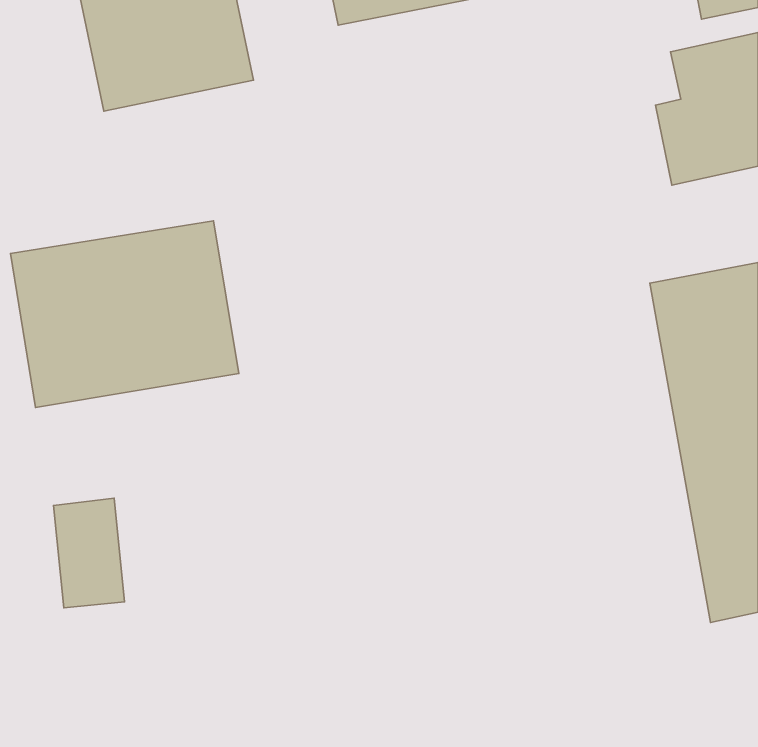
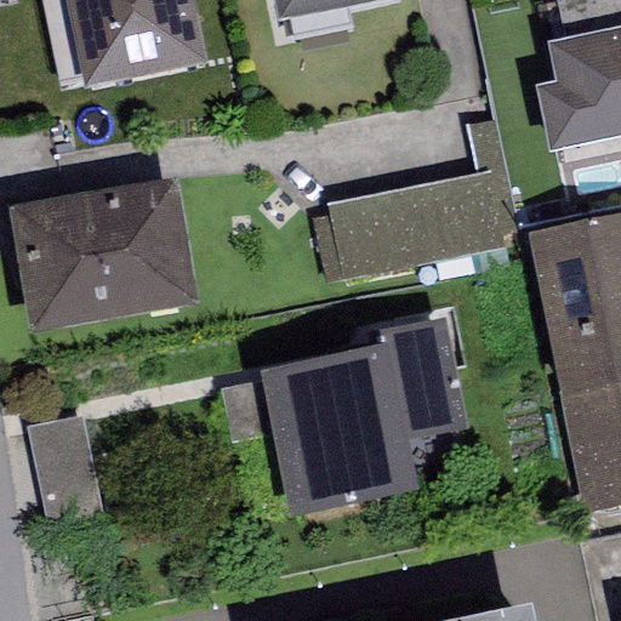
building: none -> [326,159,517,273]
building: none -> [260,320,465,519]

